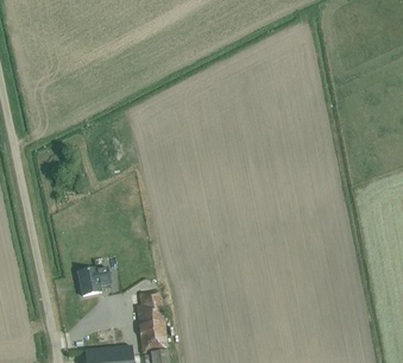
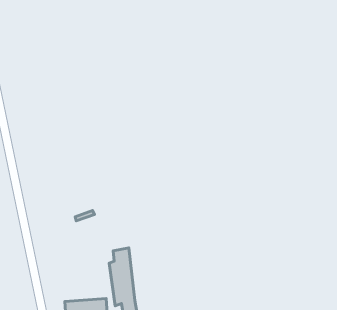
building: [78,268,109,296] -> none

